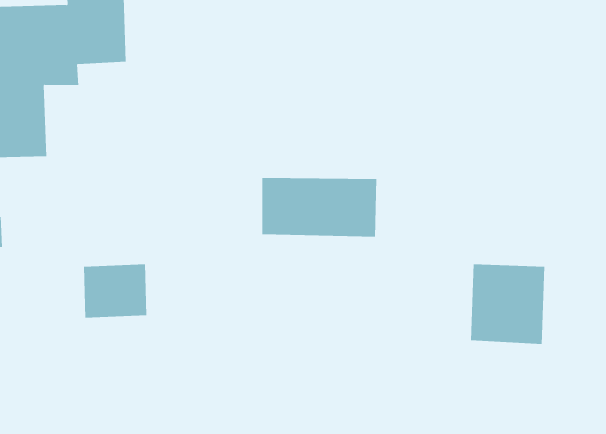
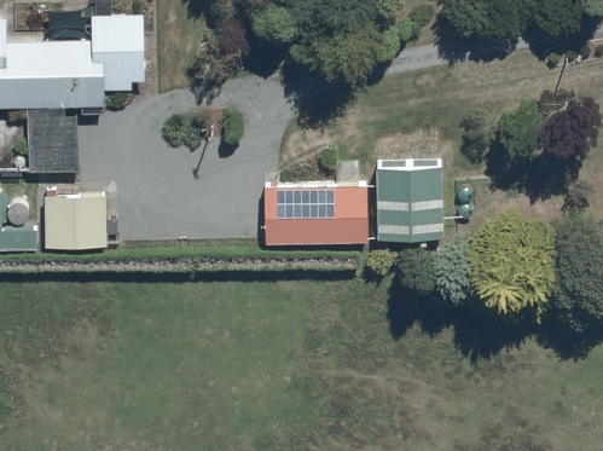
building: [470,264,545,345] -> [373,164,439,235]
building: [83,264,147,318] -> [47,201,103,248]

